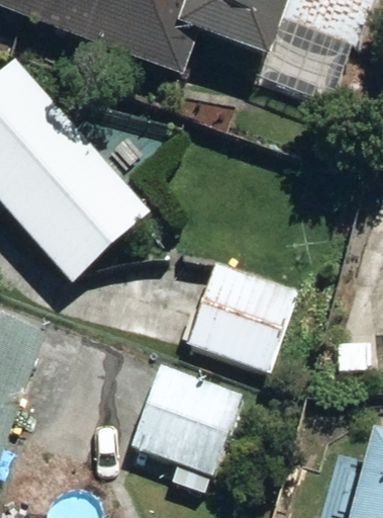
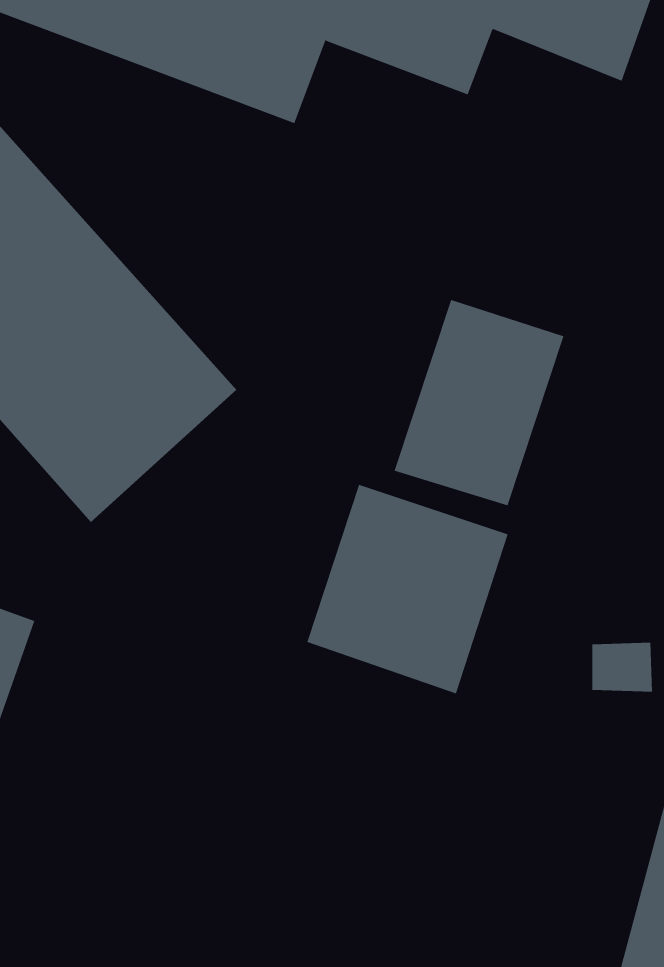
building: none -> [394,299,564,506]
building: [132,366,240,474] -> none

